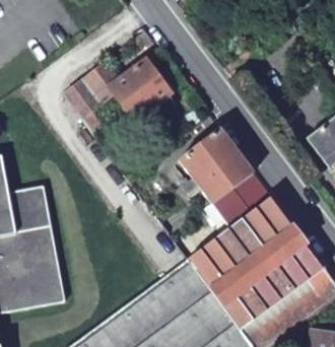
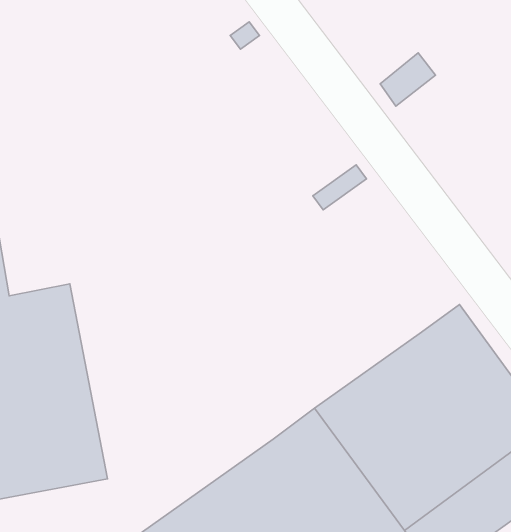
building: [63,60,171,119] -> none
building: [179,129,272,219] -> none

